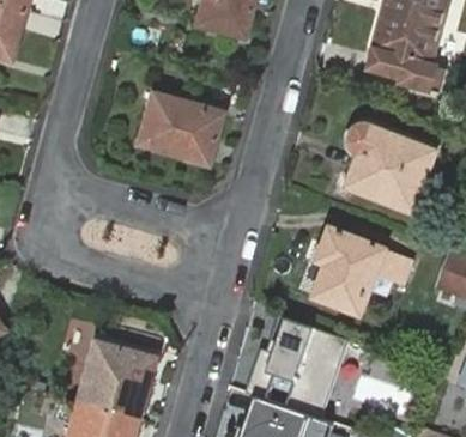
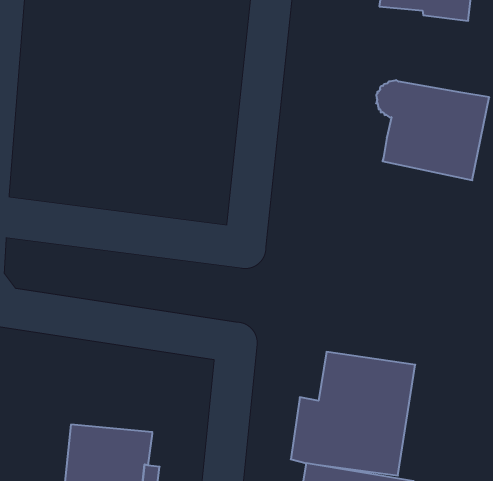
building: [137,92,220,160] -> none
building: [323,231,417,314] -> none

